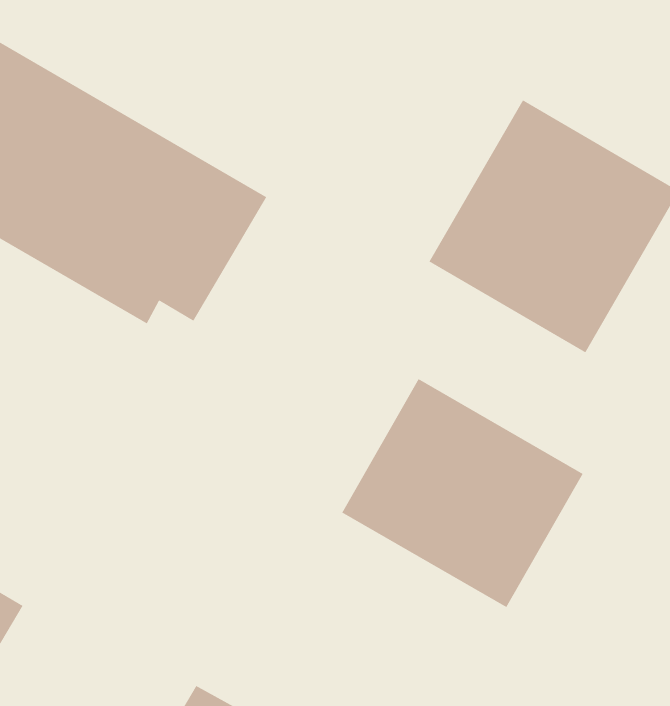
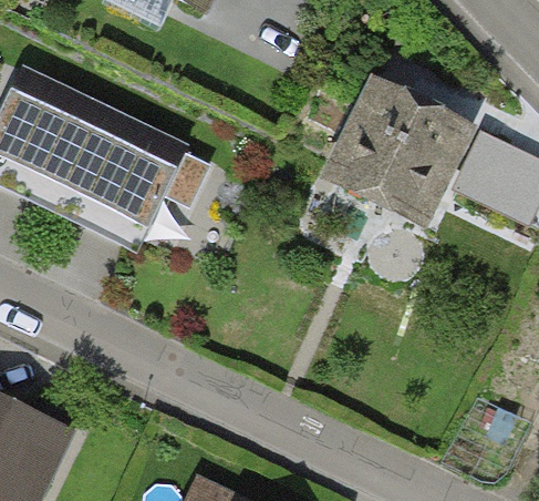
building: [341,378,584,608] -> none

